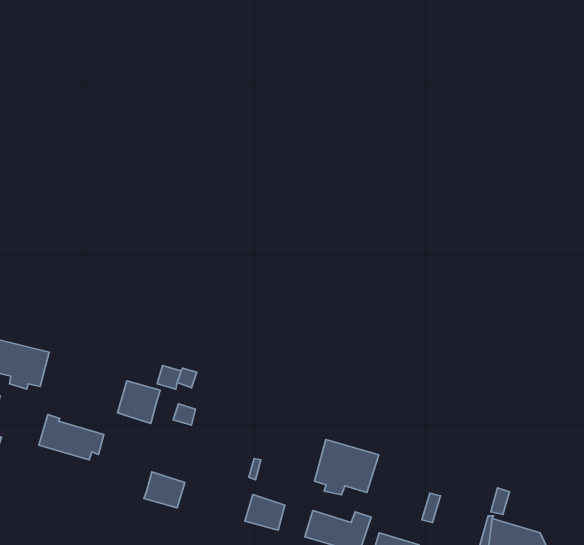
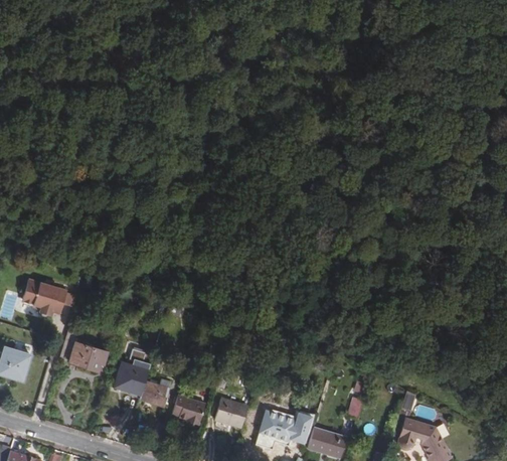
building: [118,381,160,424] -> [116,362,148,395]
building: [315,439,379,495] -> none
building: none -> [173,395,205,425]

